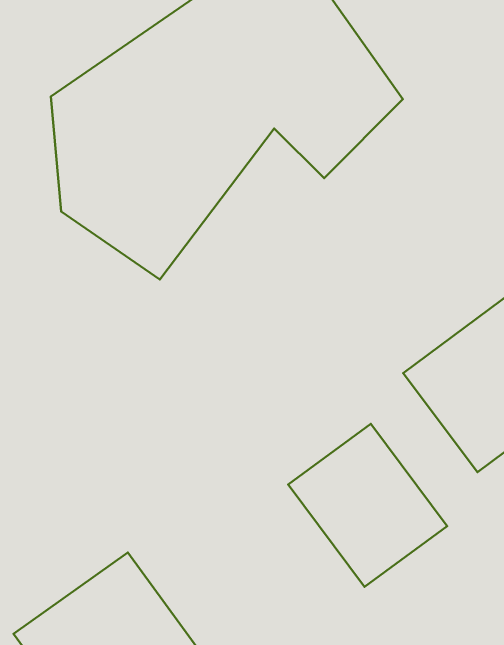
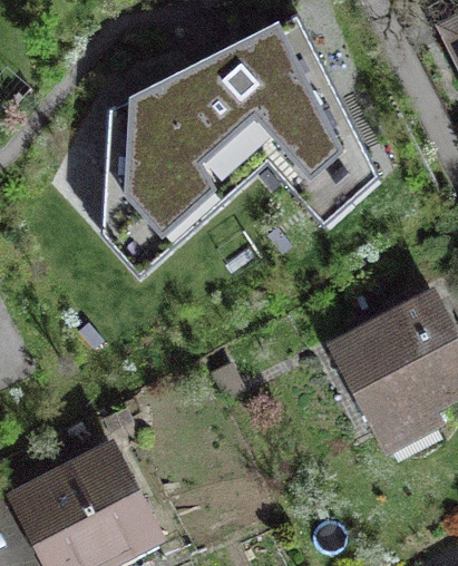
building: [288,424,447,587] -> none

